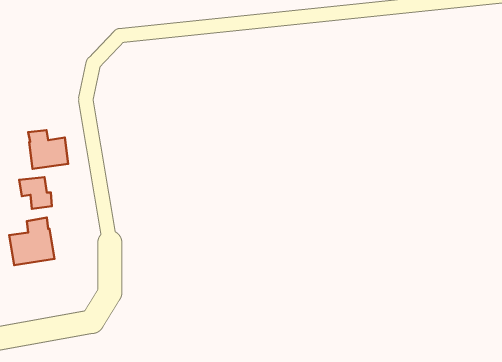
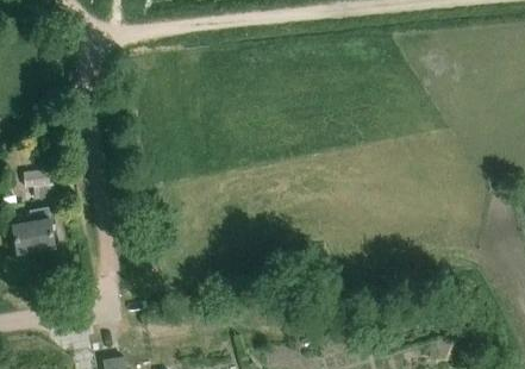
building: [28,130,68,169] -> none

